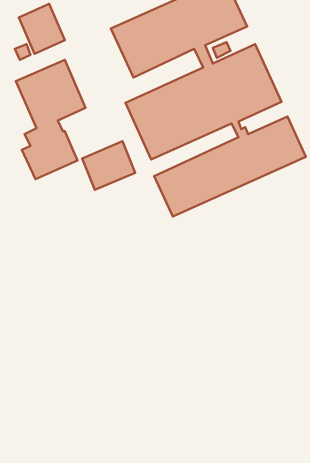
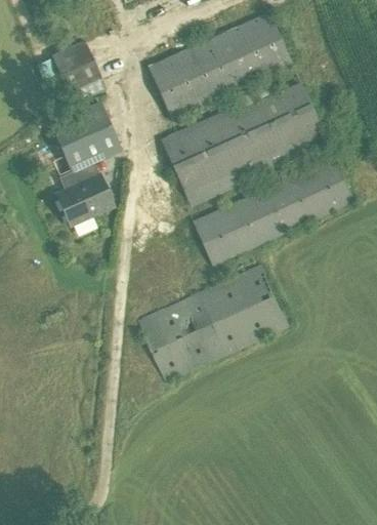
building: [82,141,135,190] -> none
building: none -> [136,261,289,381]

